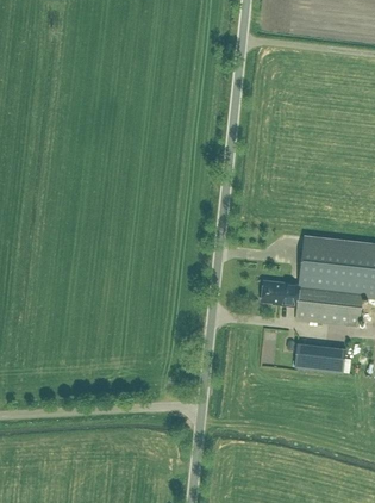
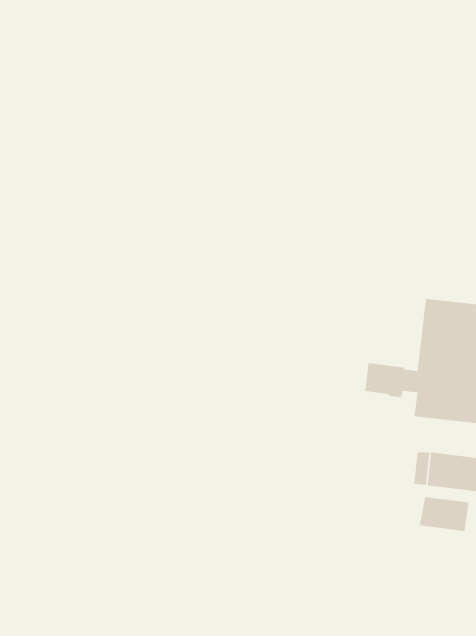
building: none -> [419,497,469,532]

